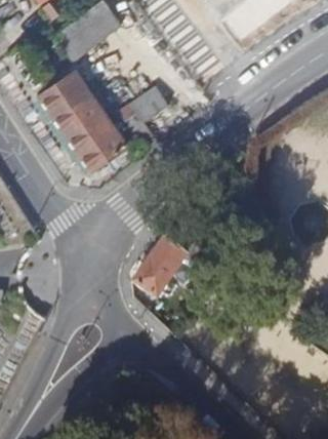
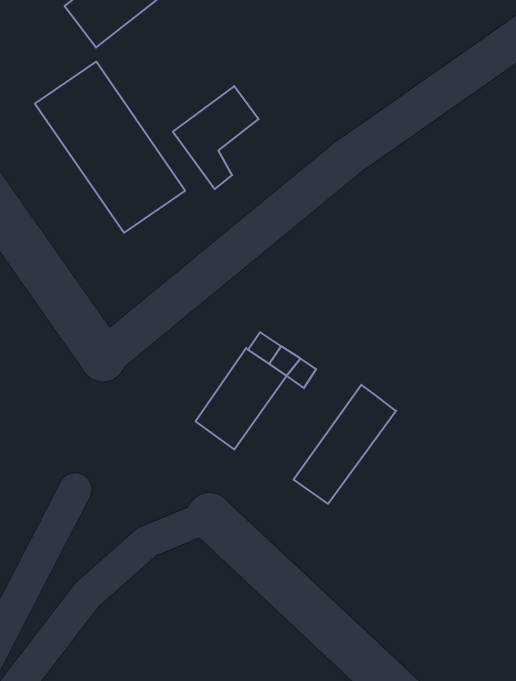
building: none -> [294,385,396,504]

